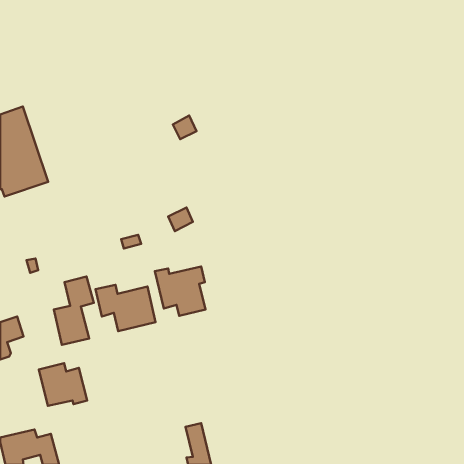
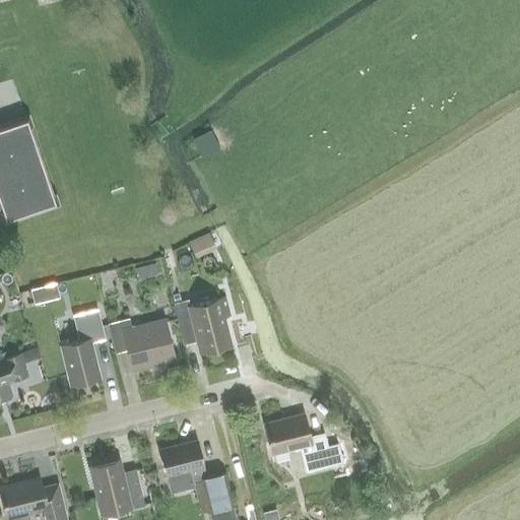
building: [39,363,87,406] -> [91,464,145,512]
building: none -> [265,414,347,472]
building: none -> [159,441,208,494]

